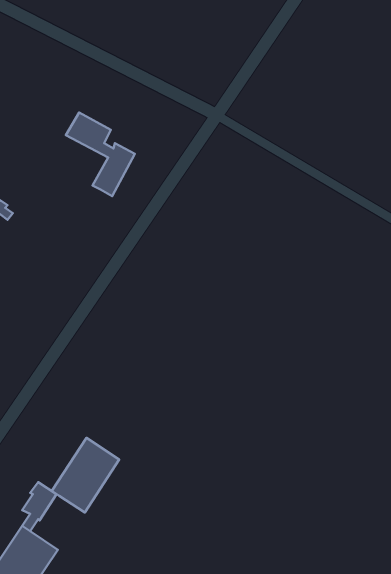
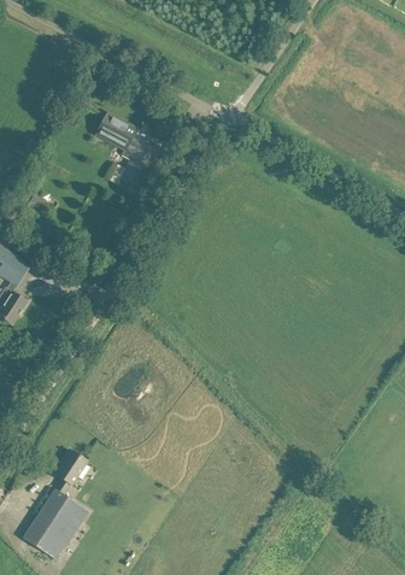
building: [52,438,119,513] -> none

